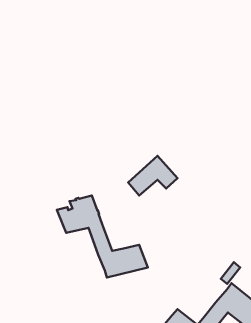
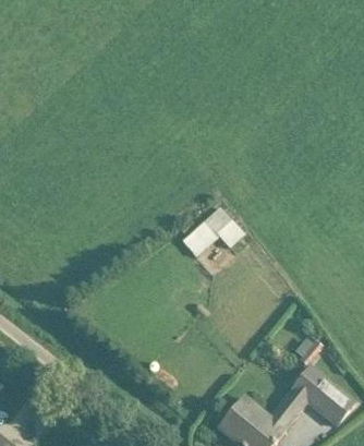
building: [57,196,148,277] -> none

